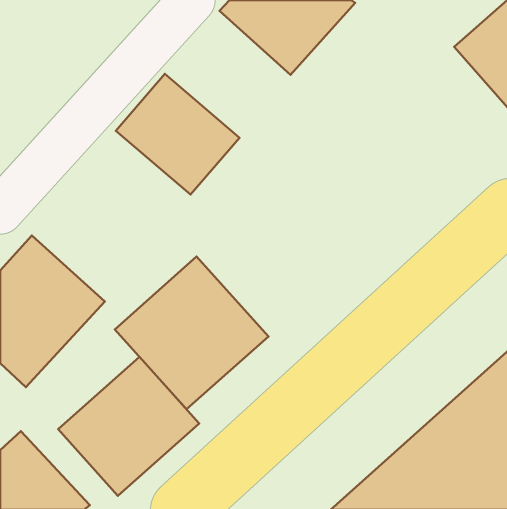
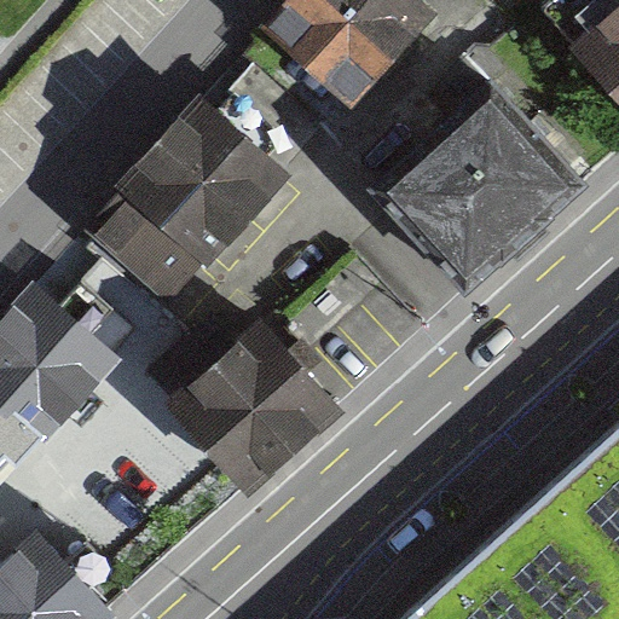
building: none -> [380,86,584,289]
building: none -> [81,160,235,310]
building: [58,357,199,496] -> none

